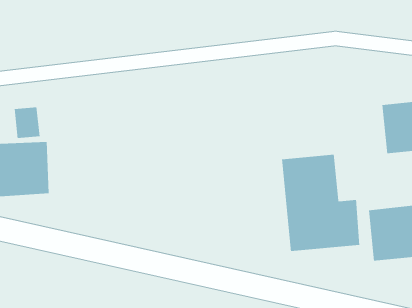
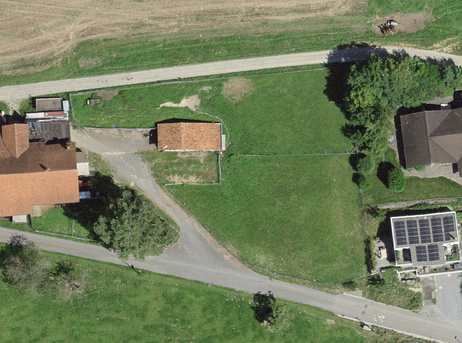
building: none -> [157,123,225,151]
building: [281,154,360,252] -> none

